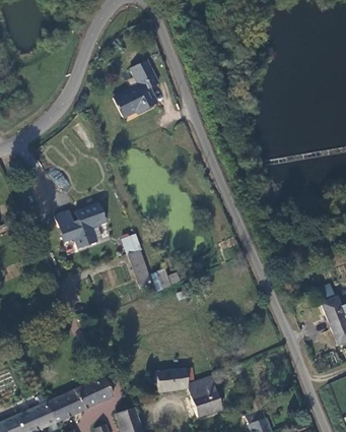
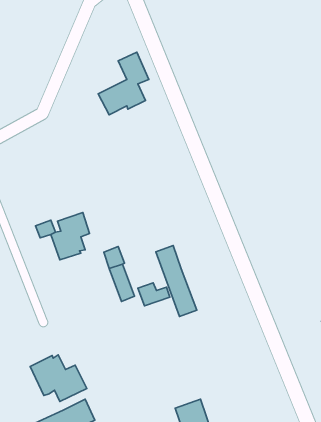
building: none -> [156,246,197,317]
building: none -> [30,355,87,401]
building: [153,367,186,391] -> none

